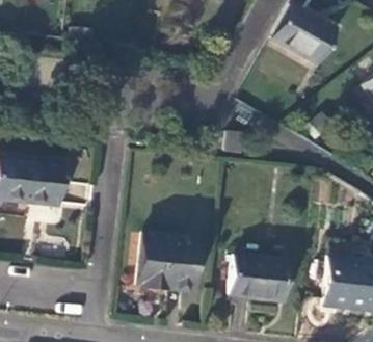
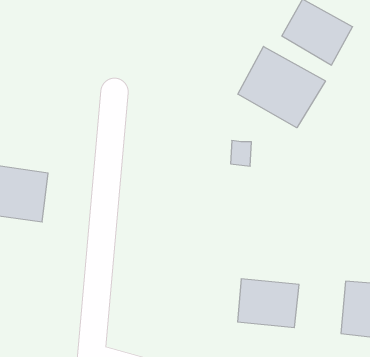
building: none -> [238,46,325,128]
building: [139,234,195,289] -> none

